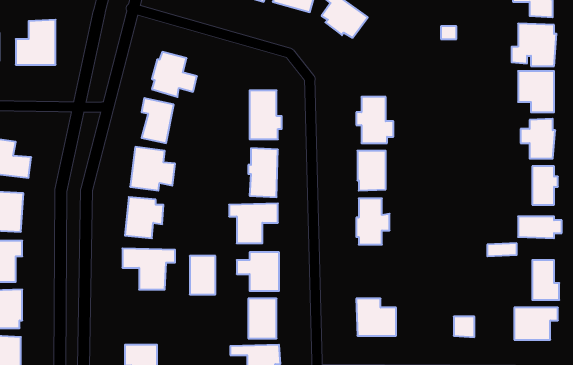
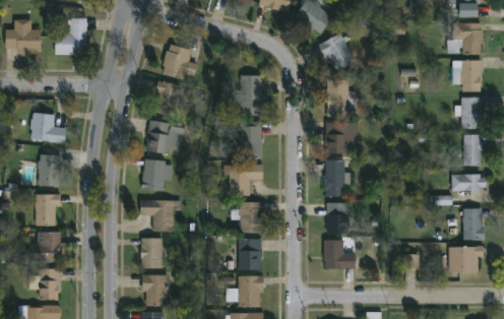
building: none -> [318,33,355,69]
building: none -> [326,202,349,234]
building: [190,256,215,294] -> [141,238,162,268]

